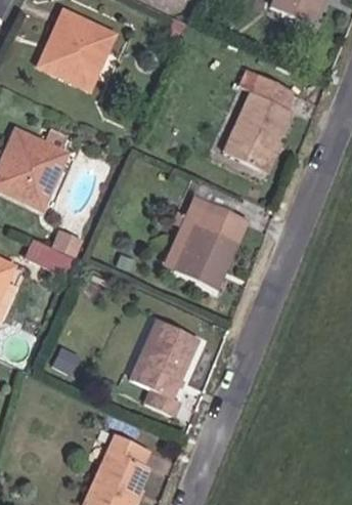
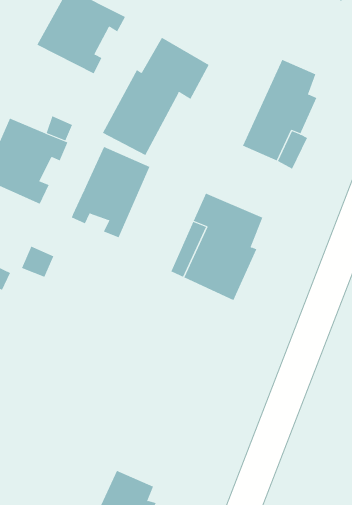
building: none -> [102,37,209,156]
building: none -> [71,146,150,238]
building: [127,320,195,413] -> none

